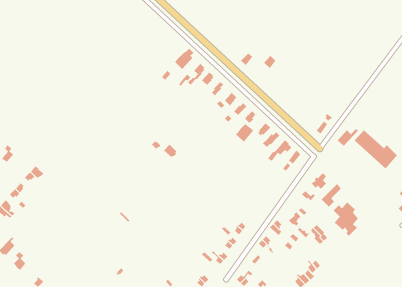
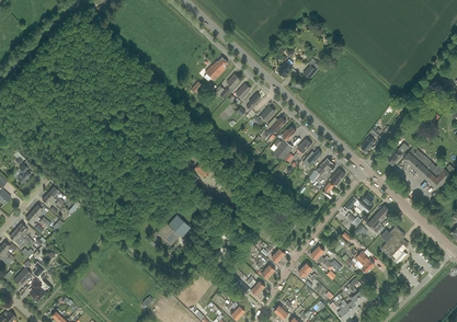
building: none -> [156,215,190,245]

